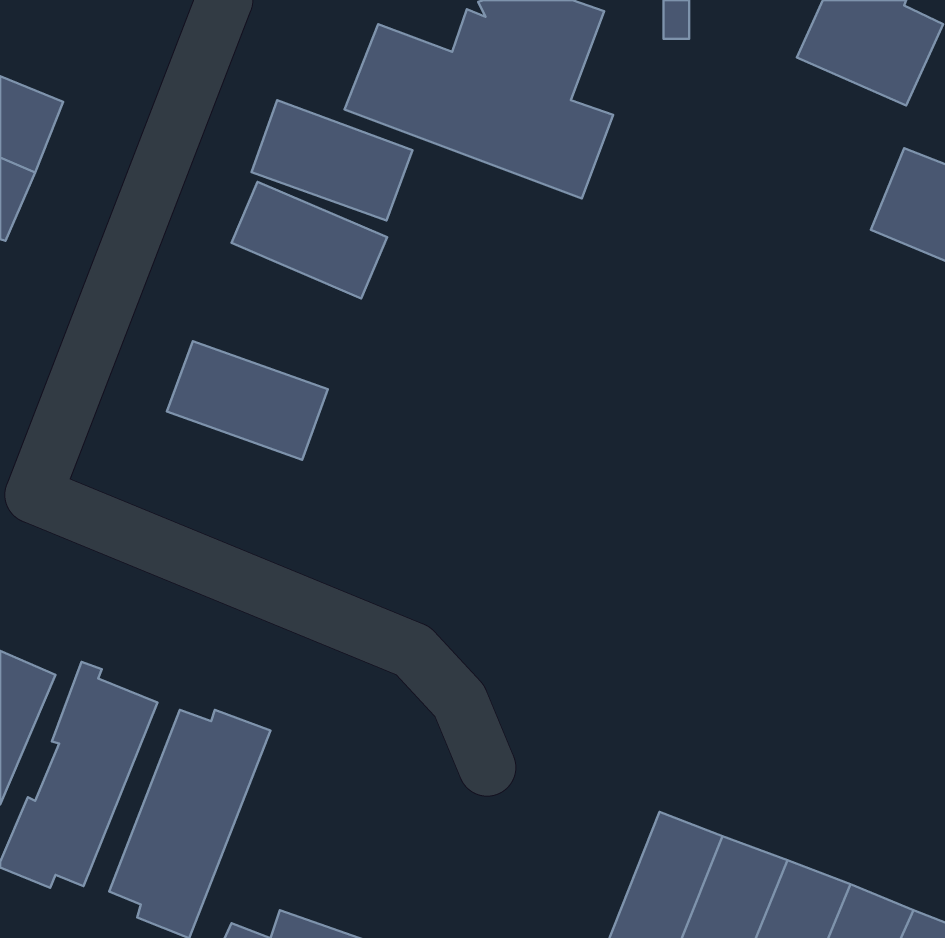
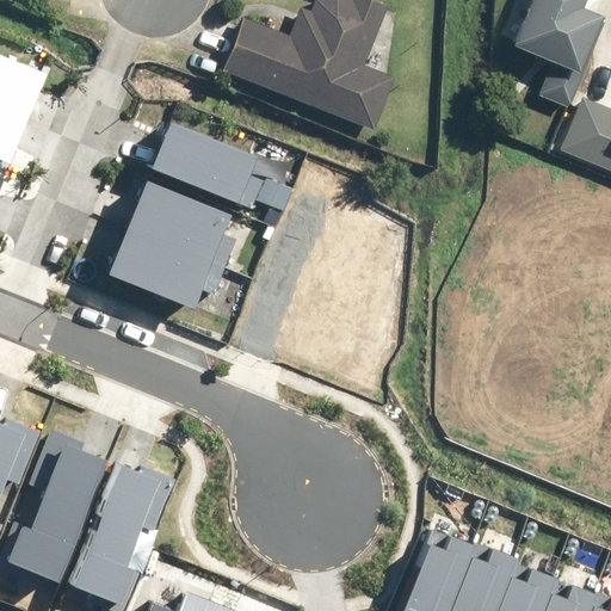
building: [251,100,413,221] -> [125,179,229,257]

